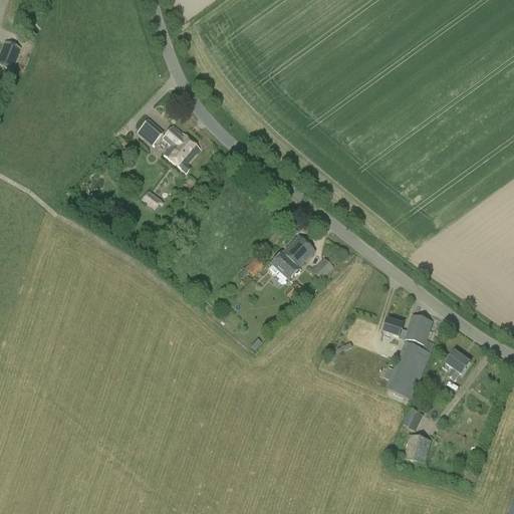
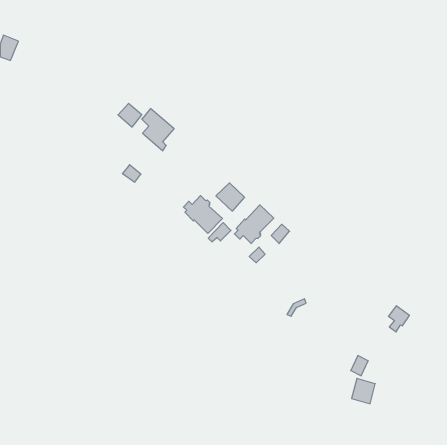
building: none -> [216,183,245,211]
building: none -> [183,196,222,233]
building: [383,313,434,399] -> none

